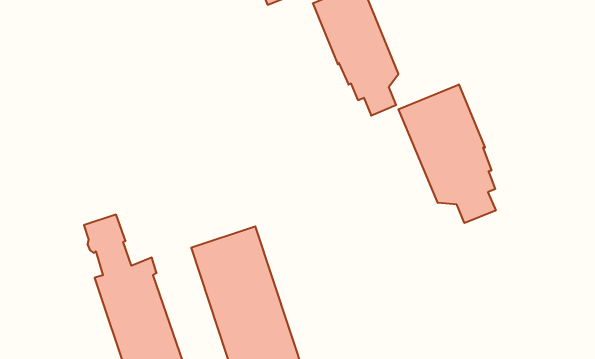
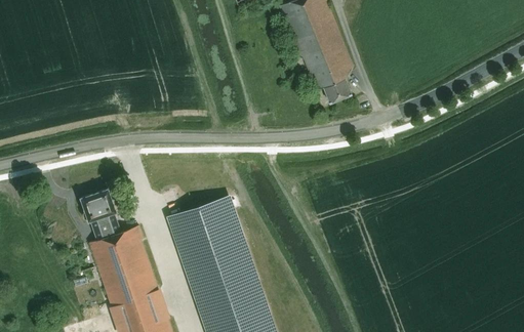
building: [399,84,496,223] -> none

